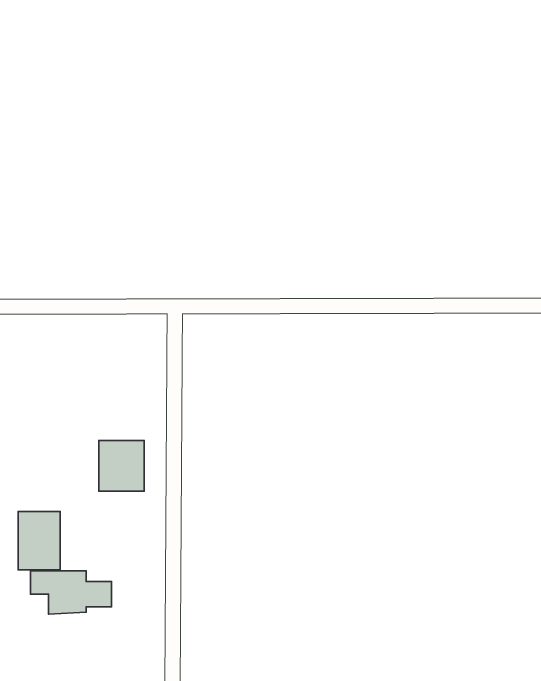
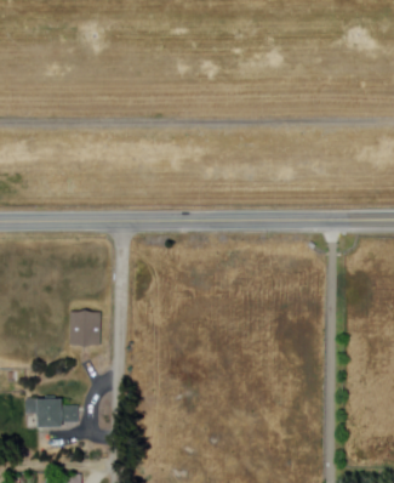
building: [18,512,60,570] -> none

